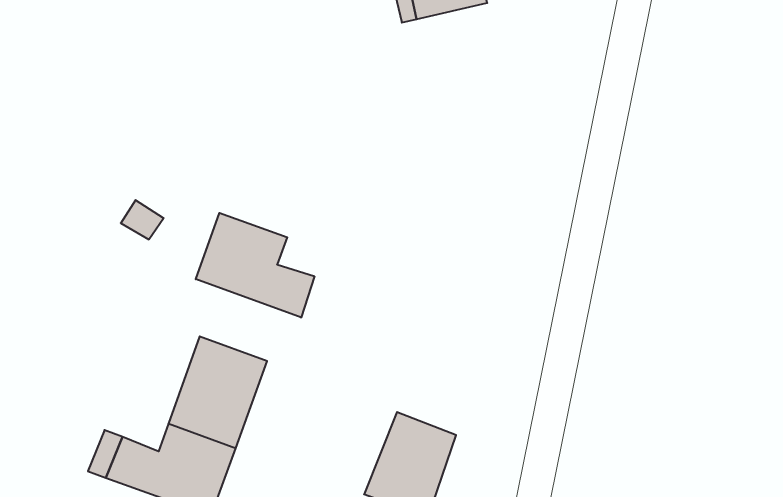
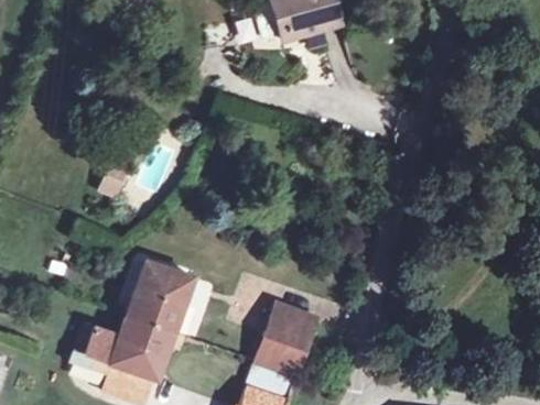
building: [196,213,314,318] -> none

